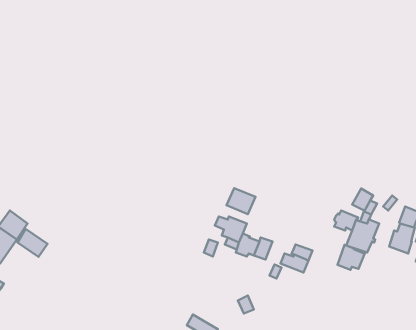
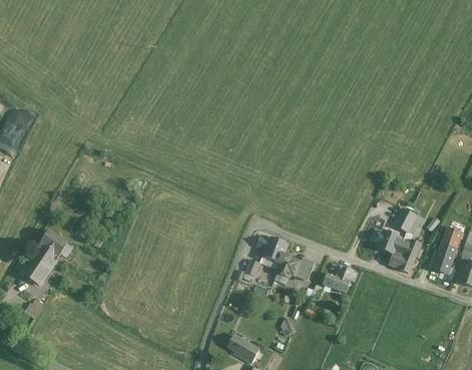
building: [227,188,255,214] -> none
building: [17,229,47,257] -> none
building: [338,245,365,270] -> none

